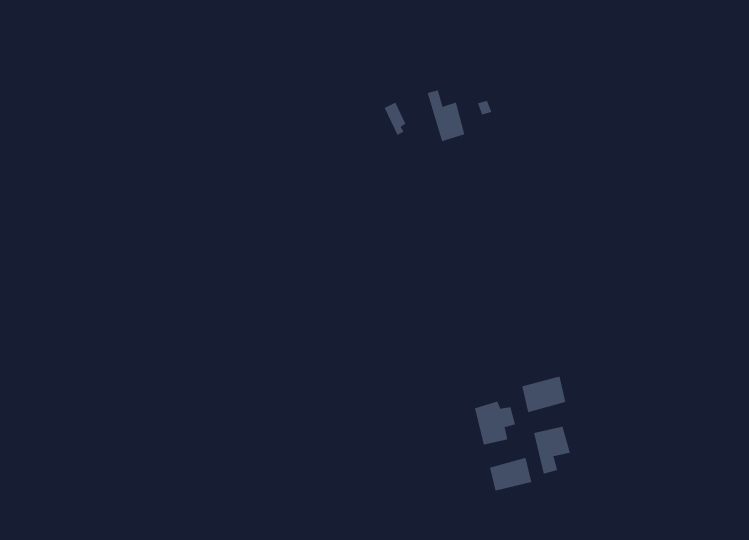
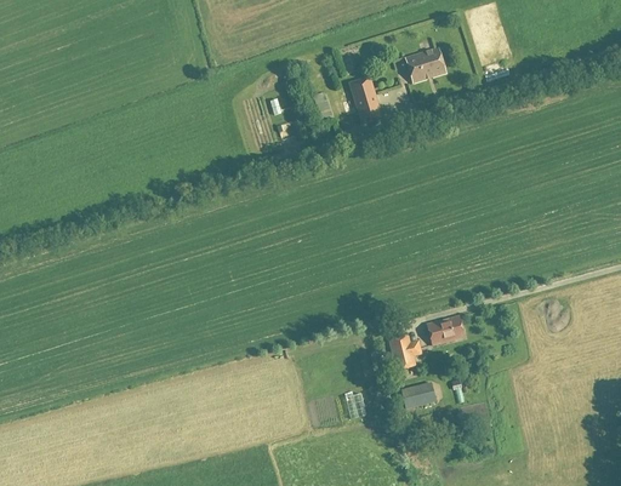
building: none -> [406,47,446,81]
building: [534,426,571,474] -> none

